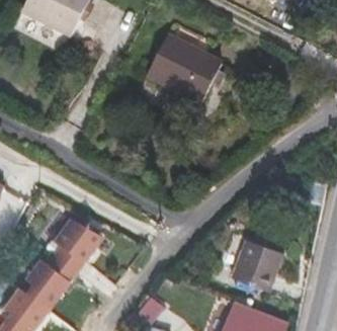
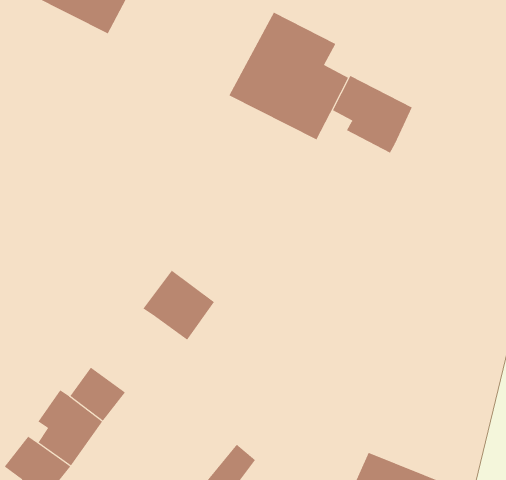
building: none -> [332,75,412,153]
building: [54,219,99,263] -> [143,270,215,341]
building: [231,238,284,293] -> none

